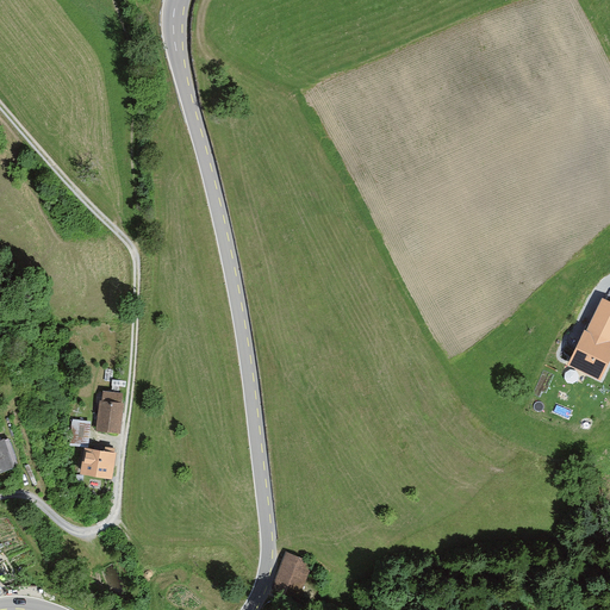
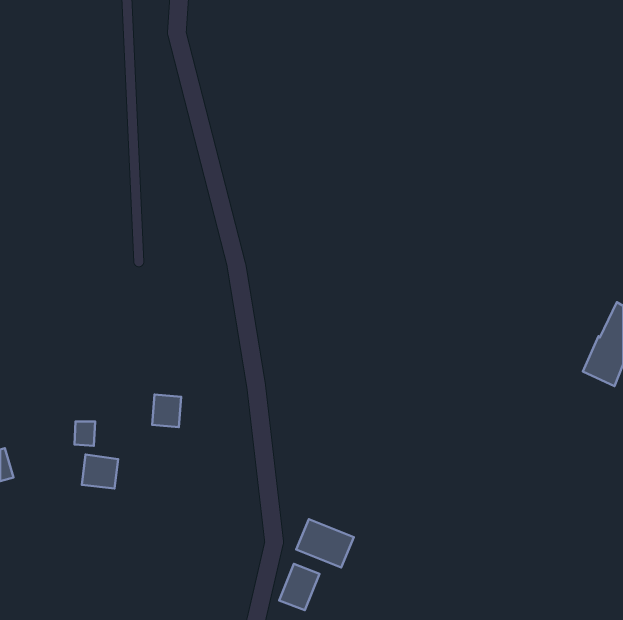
building: [97,399,125,431] -> [152,394,181,427]
building: none -> [296,519,354,567]

